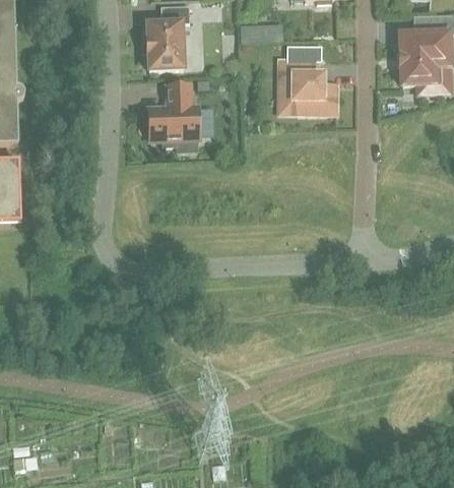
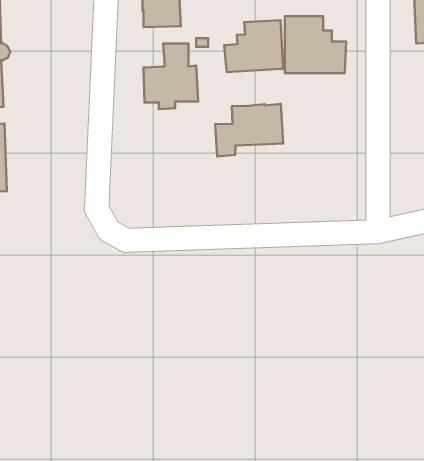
building: none -> [224,20,283,72]
building: none -> [215,104,283,157]

